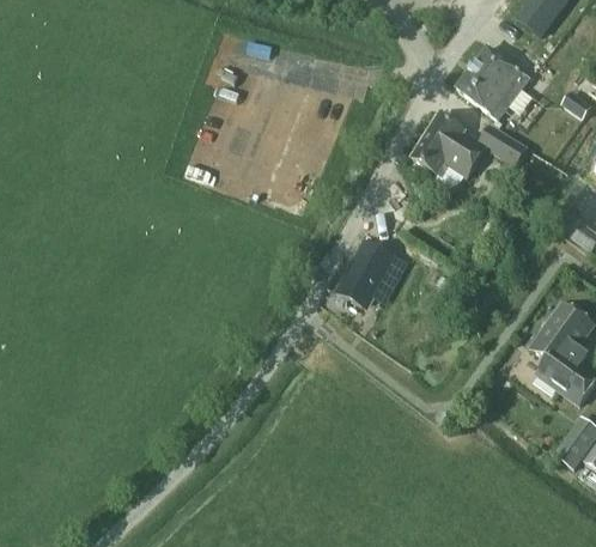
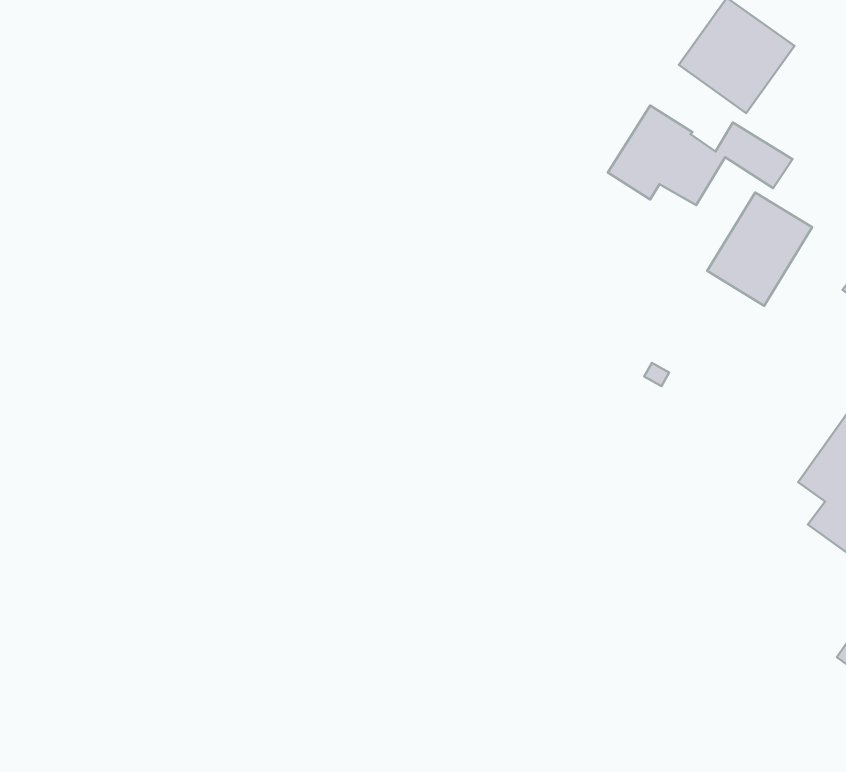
building: none -> [707,192,812,306]
building: [334,237,399,310] -> none

